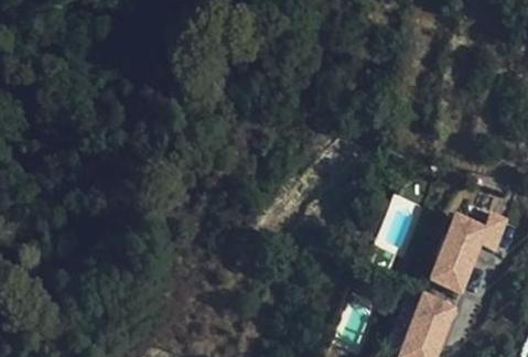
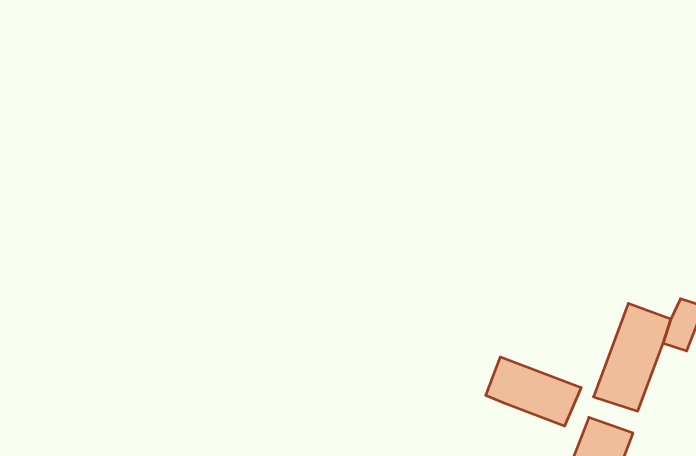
building: none -> [486,357,581,426]

